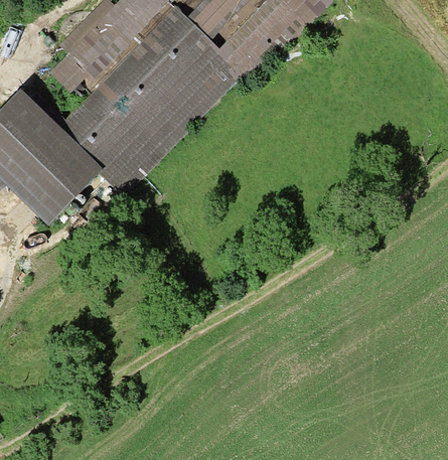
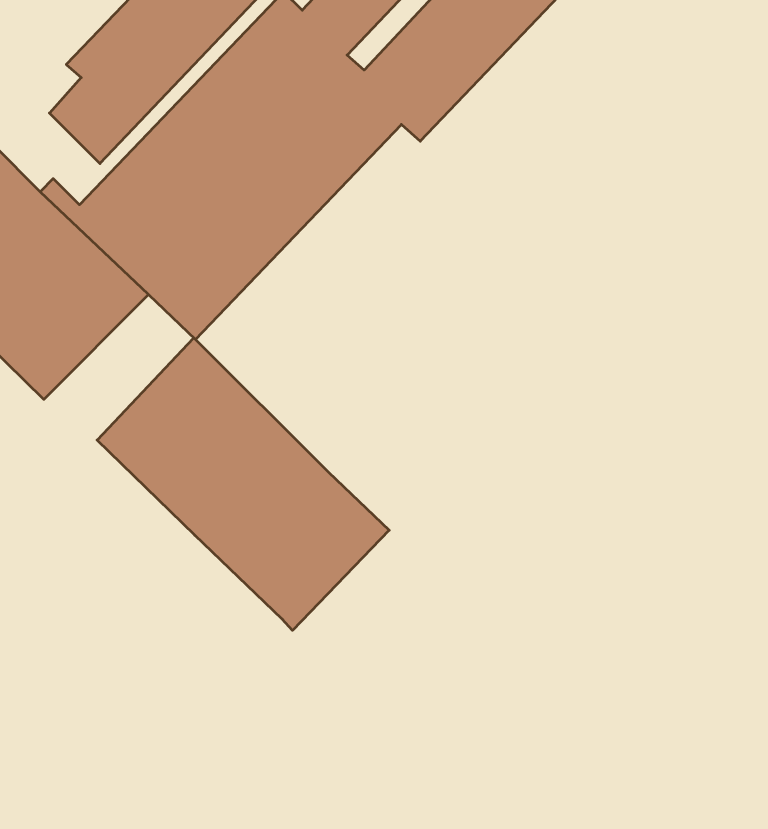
building: none -> [97,338,389,630]

